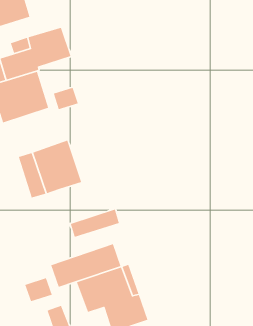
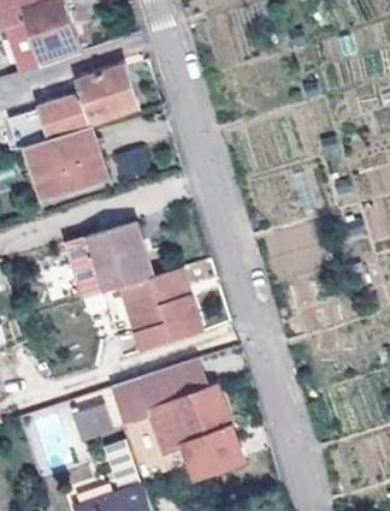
building: none -> [122,267,196,332]

